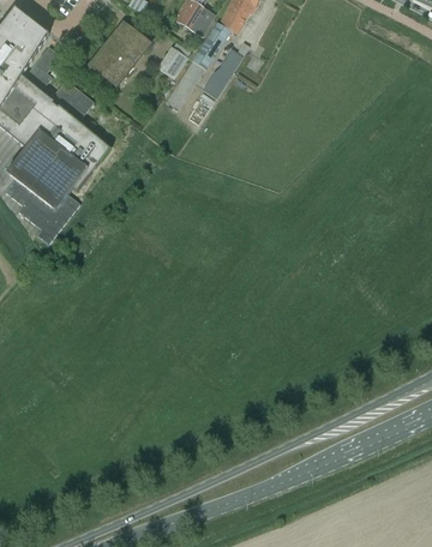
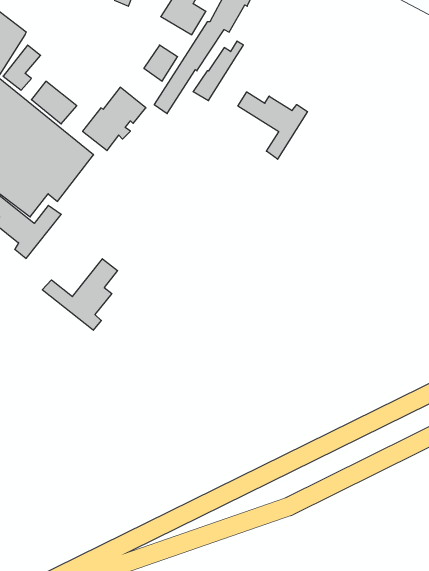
building: [89,23,148,82] -> [83,87,146,151]
building: none -> [238,92,307,159]
building: none -> [42,259,118,330]

